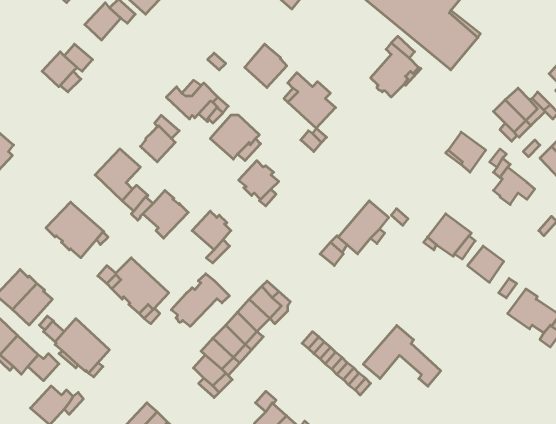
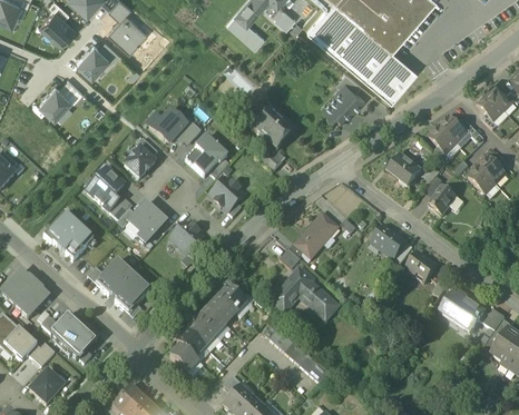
building: [245,44,287,88] -> none
building: [171,274,229,326] -> none
building: [363,325,441,386] -> [271,267,337,319]

